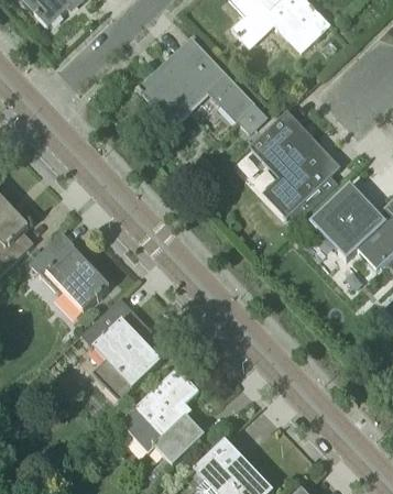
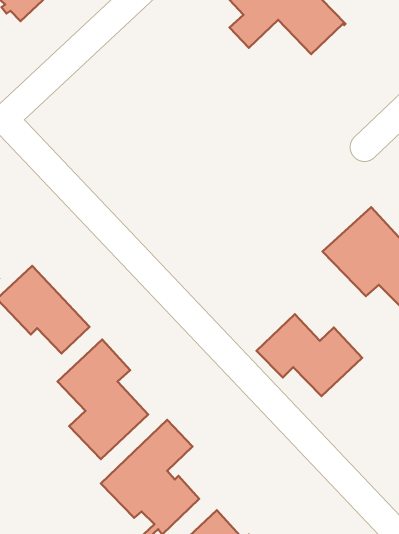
building: [137,35,266,131] -> none
building: [251,116,340,215] -> none
building: none -> [257,314,362,396]

